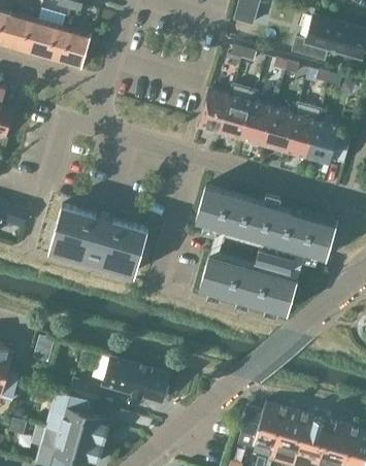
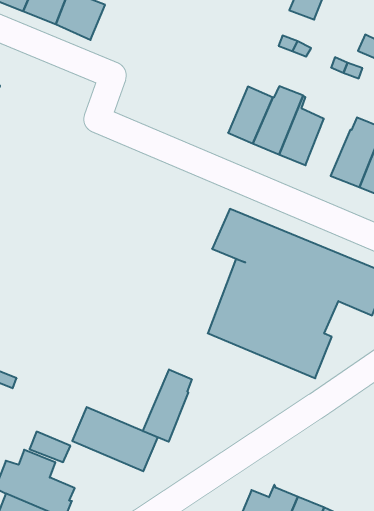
building: [261,107,293,152] -> none
building: [48,205,147,274] -> none
building: none -> [143,369,192,442]

